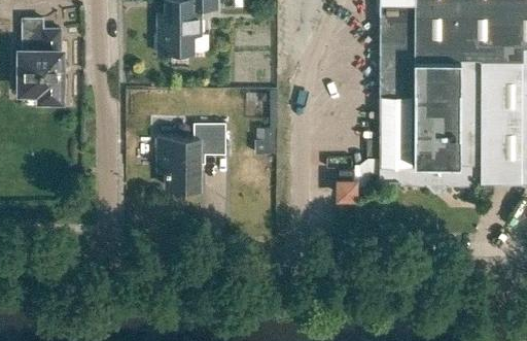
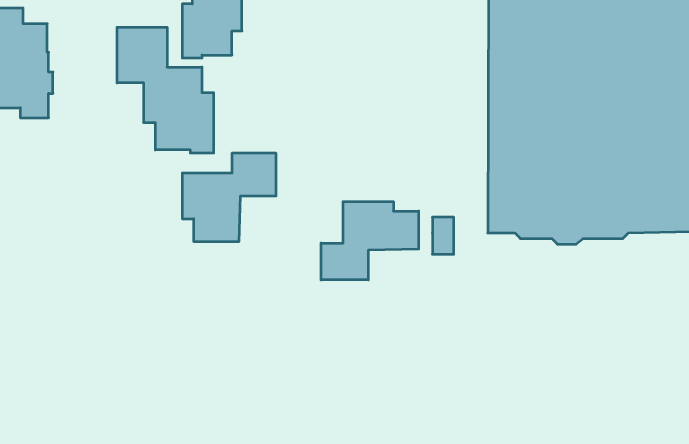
building: none -> [117,27,214,153]
building: none -> [321,202,419,280]

